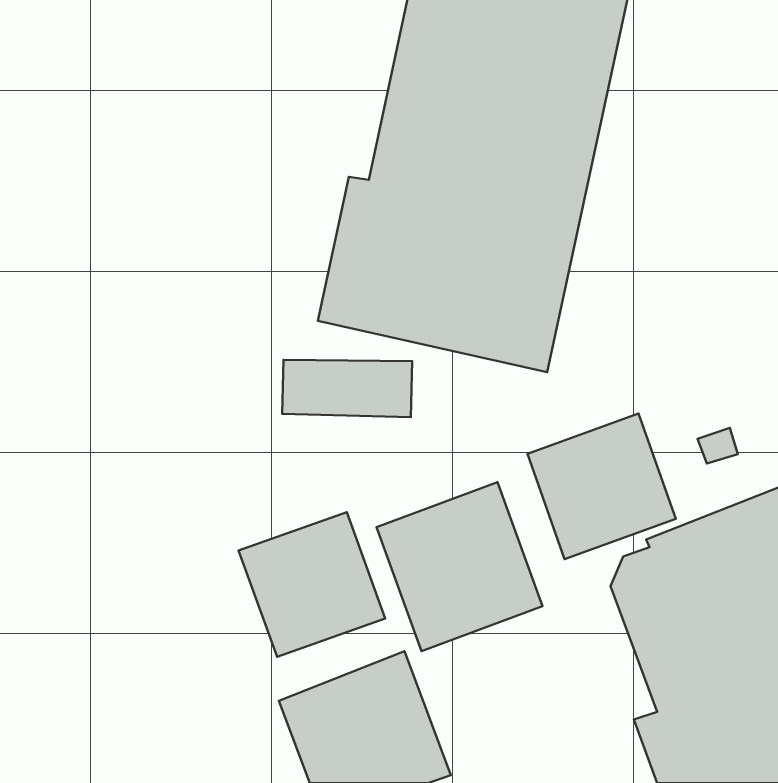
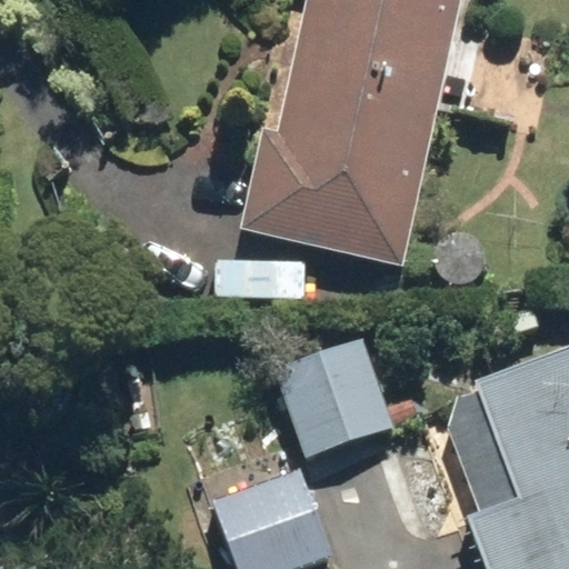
building: [527,413,676,559] -> none
building: [239,512,385,657] -> none

